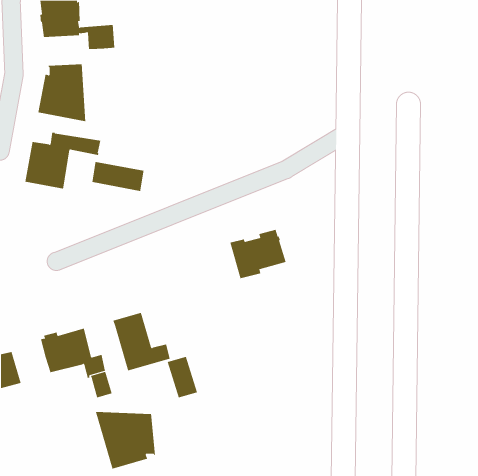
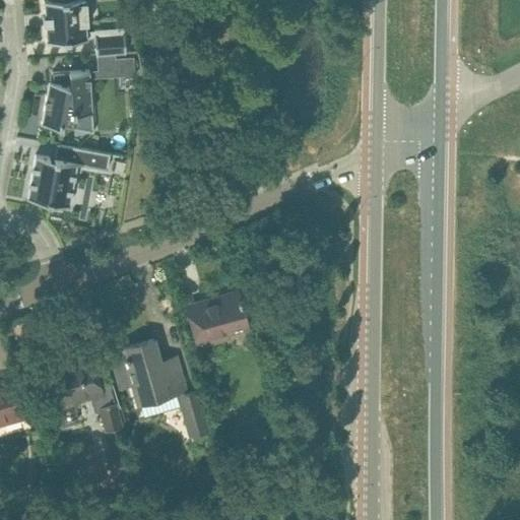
building: none -> [98,56,135,77]
building: [92,161,144,192] -> none
building: [229,229,287,279] -> [187,294,249,347]
building: [95,411,155,470] -> none

